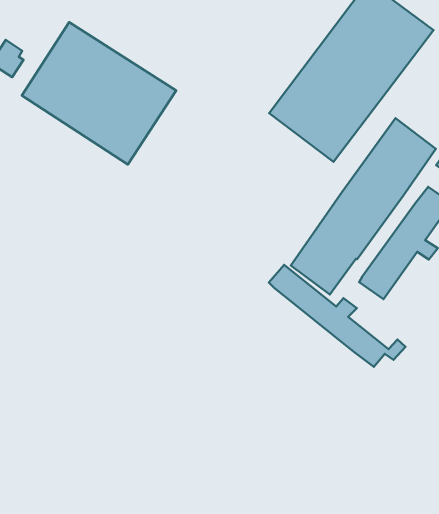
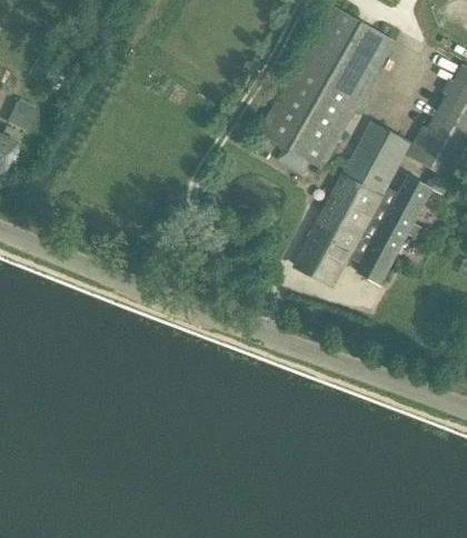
building: [22,22,176,165] -> none
building: [269,265,406,367] -> none

